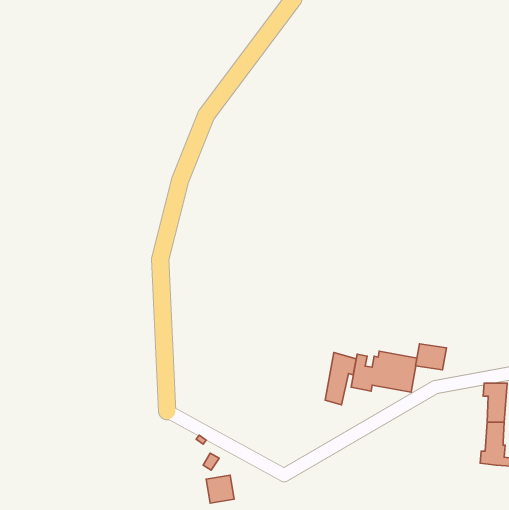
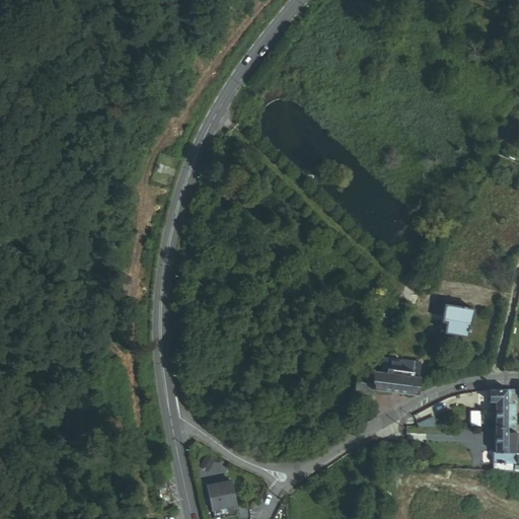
building: [416,344,447,370] -> [444,306,475,332]
building: [325,352,356,405] -> none

